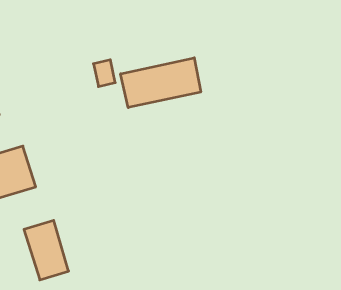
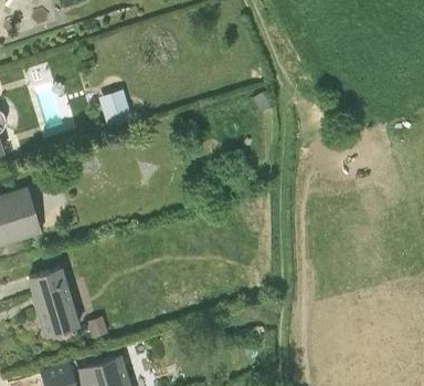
building: [121,58,201,108] -> none

